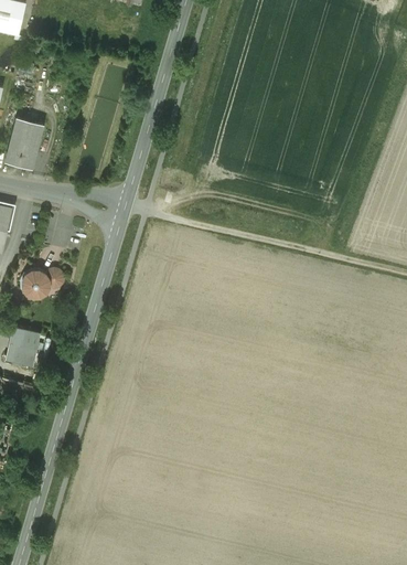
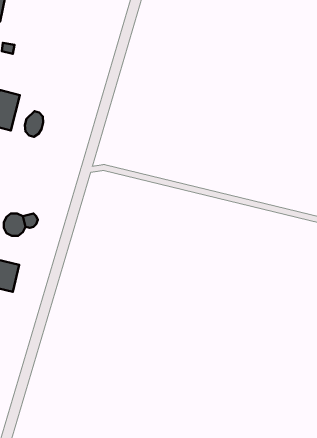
building: none -> [25,111,43,137]

